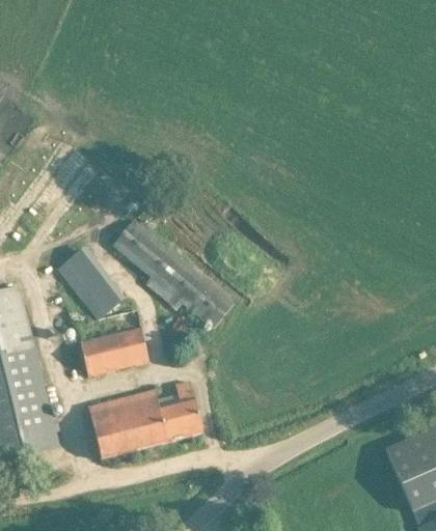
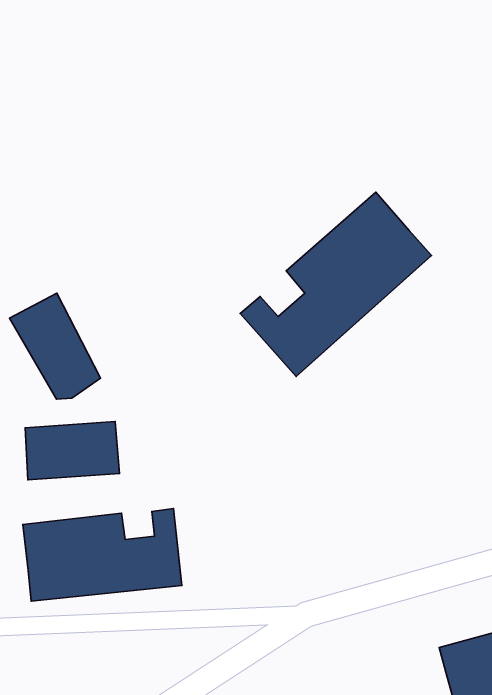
building: none -> [240,192,432,377]
building: [112,220,233,328] -> none

